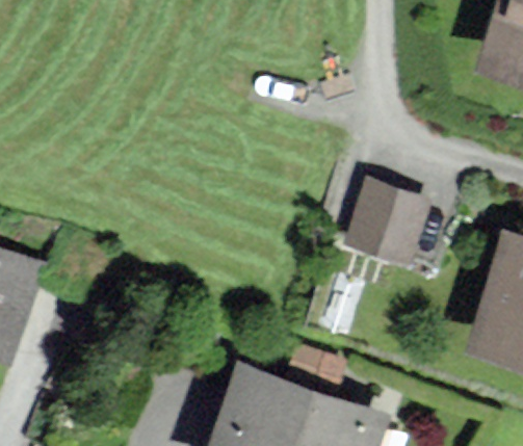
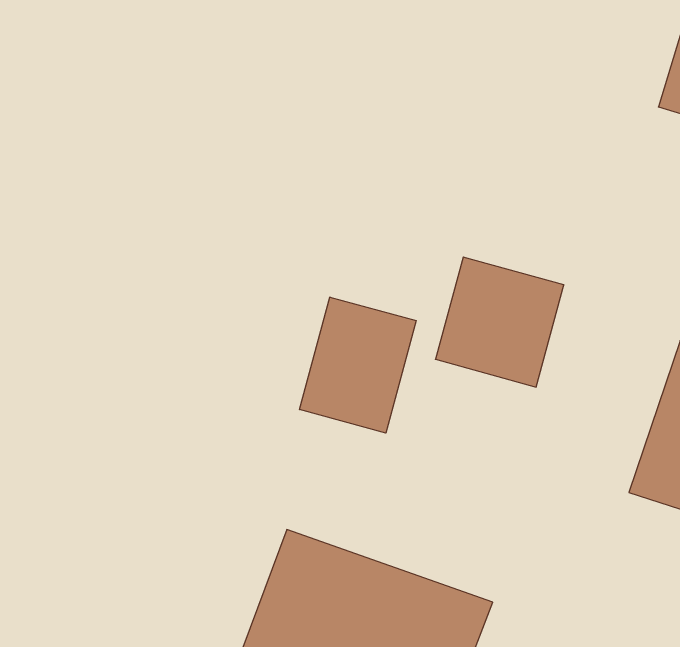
building: none -> [300,297,416,433]

